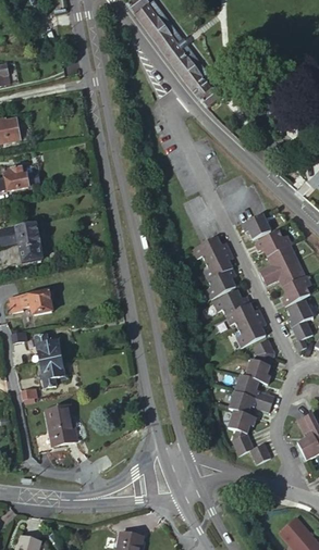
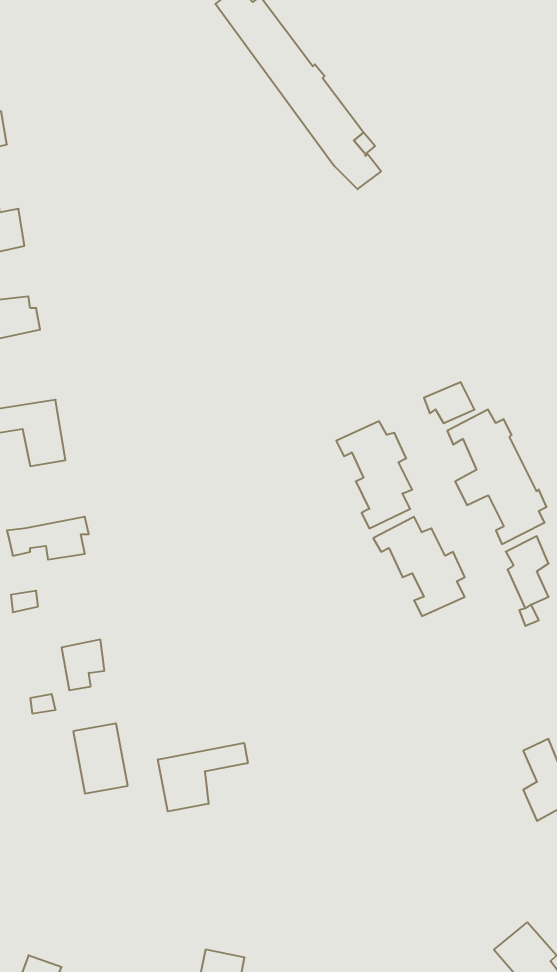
building: [36,335,62,363] -> none
building: [229,339,274,463] -> none
building: none -> [158,743,248,811]

